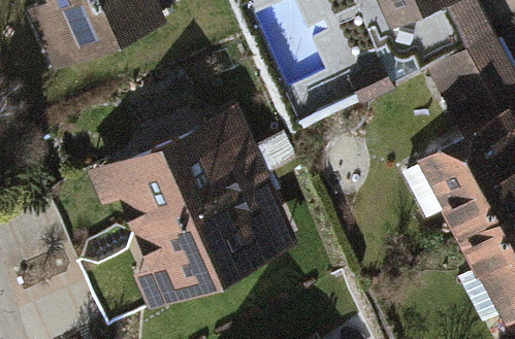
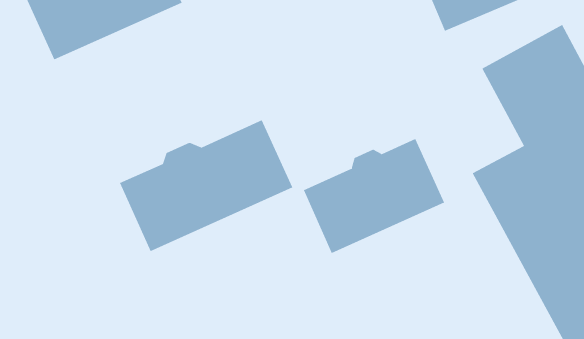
building: none -> [303,138,445,254]
building: [138,172,288,286] -> none

